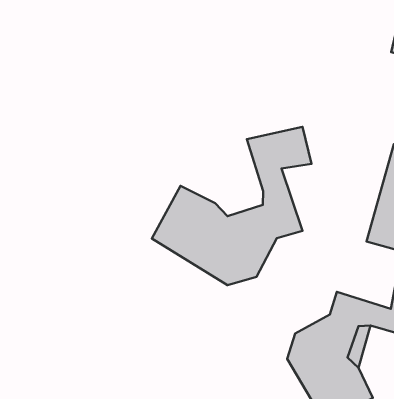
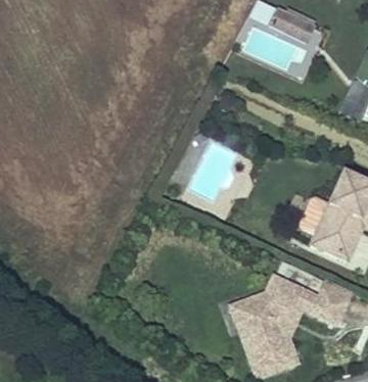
building: [152,127,312,285] -> none

